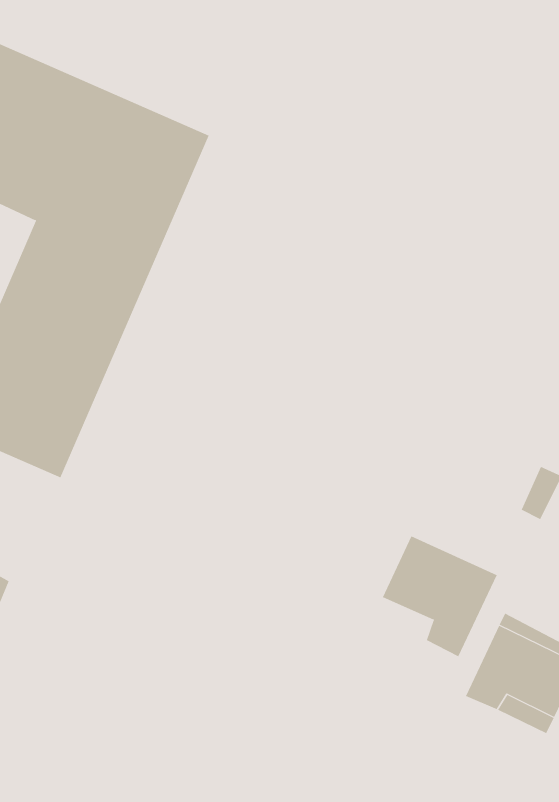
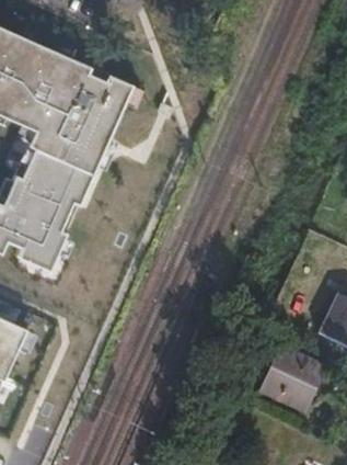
building: [382,535,497,657] -> none

